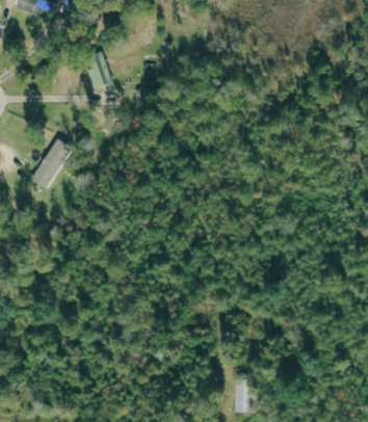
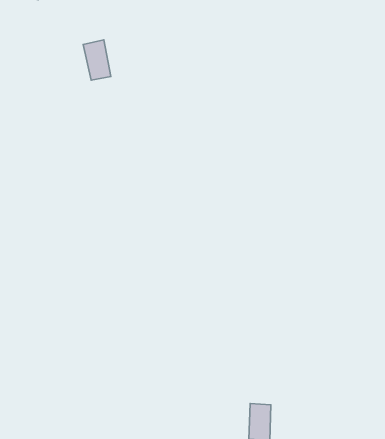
building: [33,138,72,186] -> none

